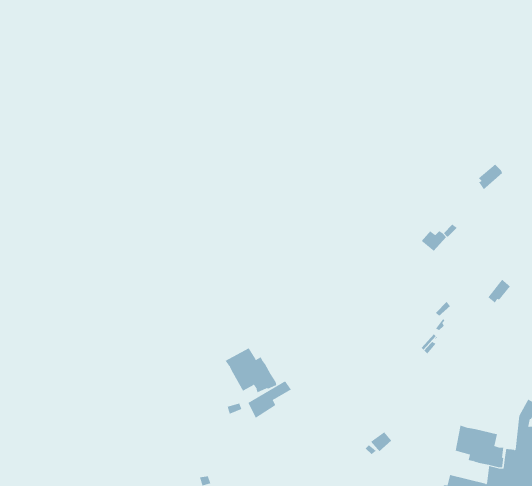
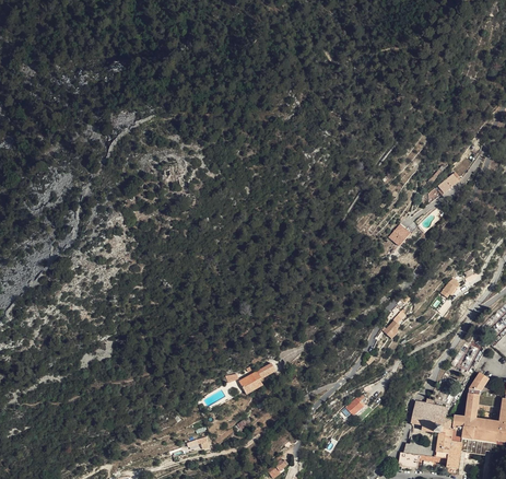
building: [225,348,277,393] -> none

